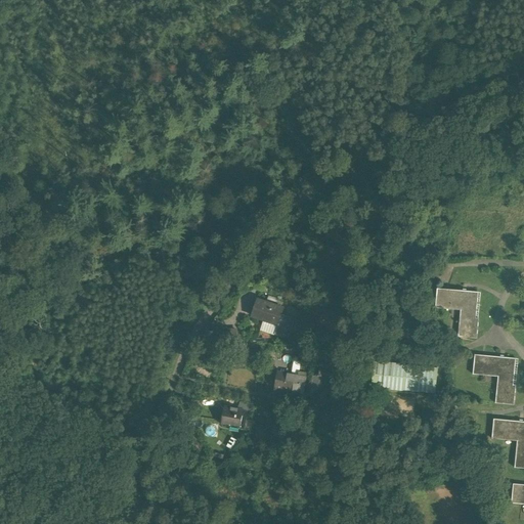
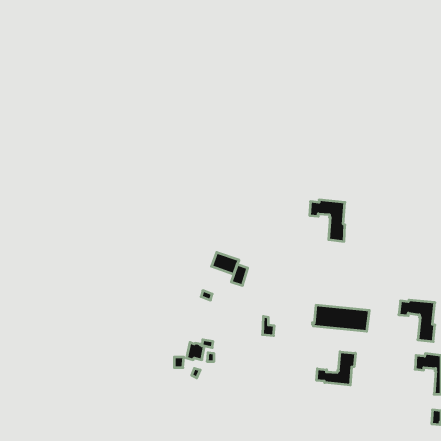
building: [436,289,478,338] -> [310,200,345,241]
building: [274,360,306,396] -> none
building: none -> [317,352,355,385]

